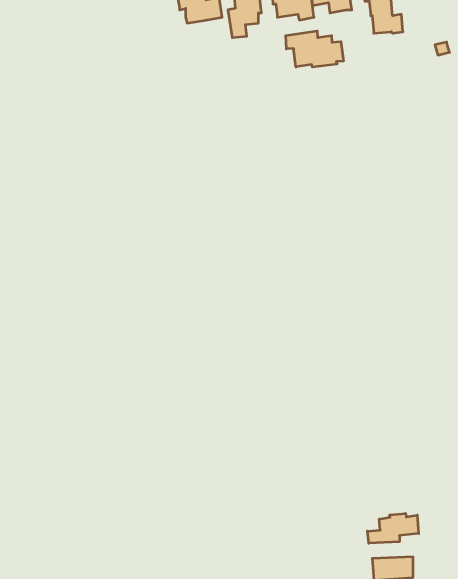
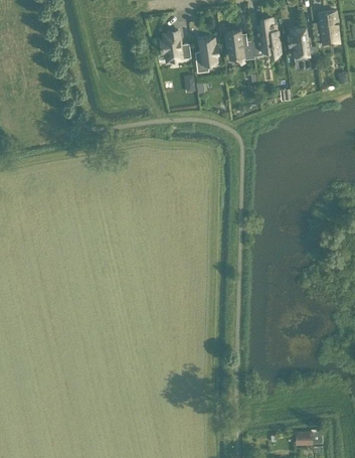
building: [286,31,343,67] -> none
building: [367,513,419,543] -> none

